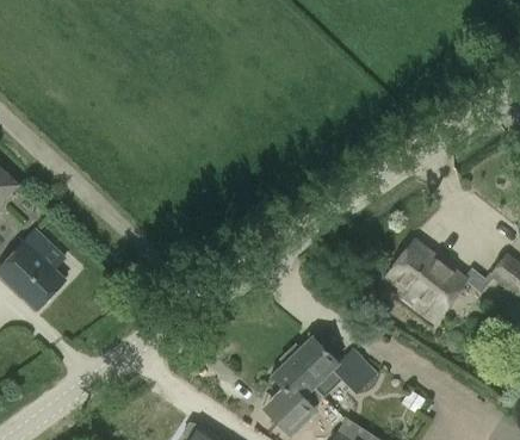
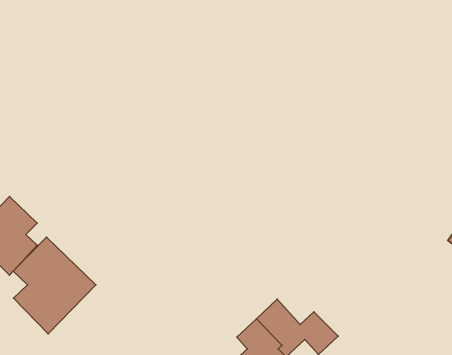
building: [386,241,466,318] -> none
building: none -> [13,237,96,334]

